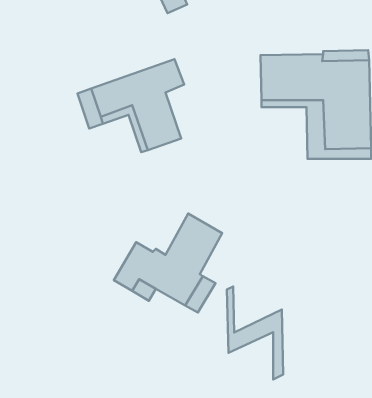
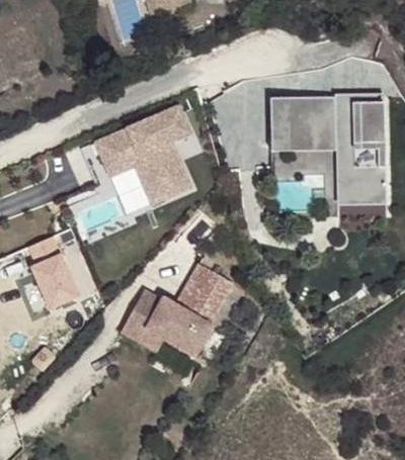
building: none -> [28,237,82,313]
building: [227,286,283,380] -> none

